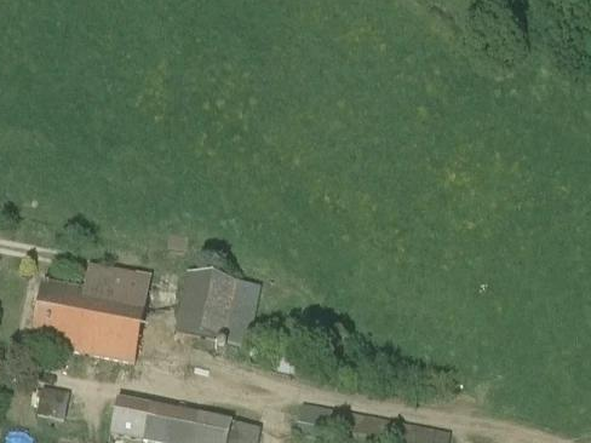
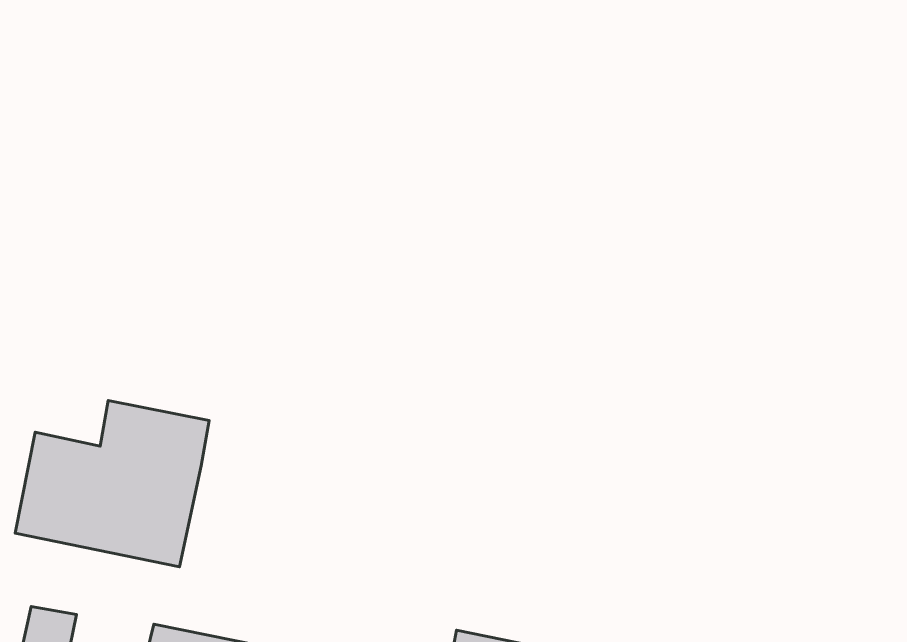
building: [174,269,257,345] -> none

